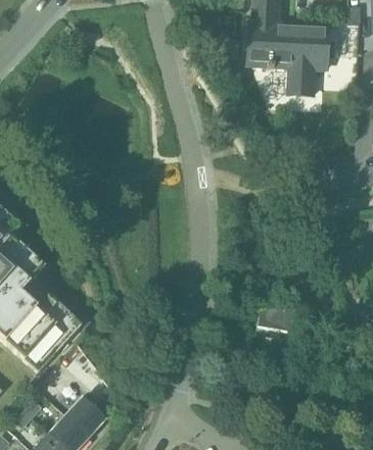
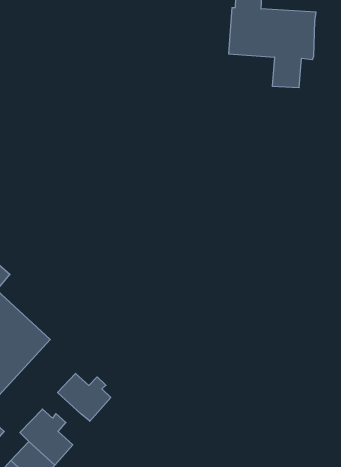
building: [259,307,292,329] -> none
building: none -> [58,373,111,421]

